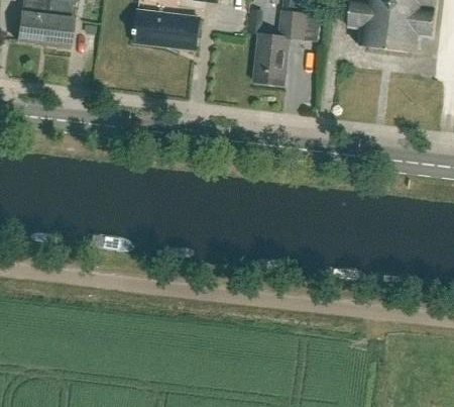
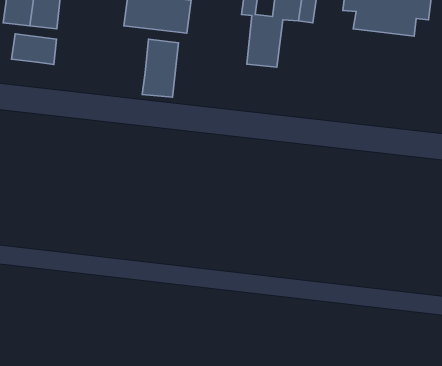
building: none -> [11,34,56,65]
building: none -> [142,39,179,97]

